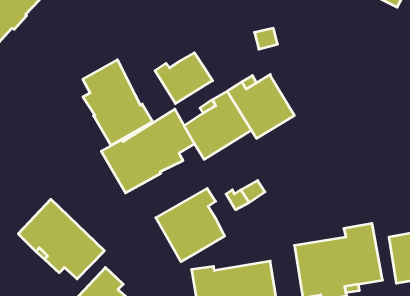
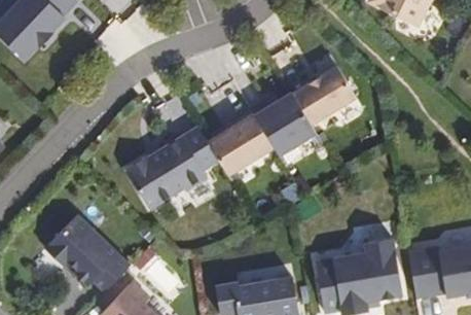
building: none -> [292,65,356,124]
building: [155,53,213,104] -> none
building: [83,60,153,145] -> none
building: [156,188,225,262] -> none

